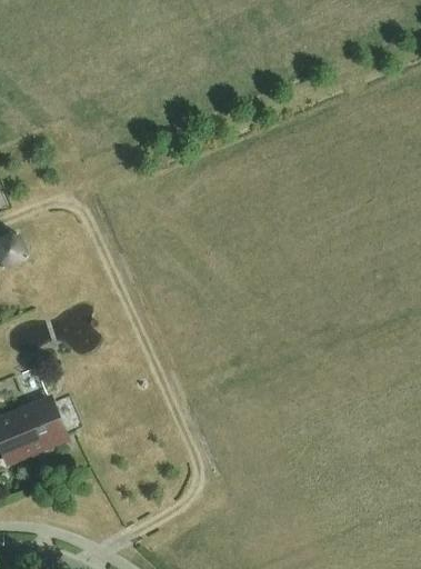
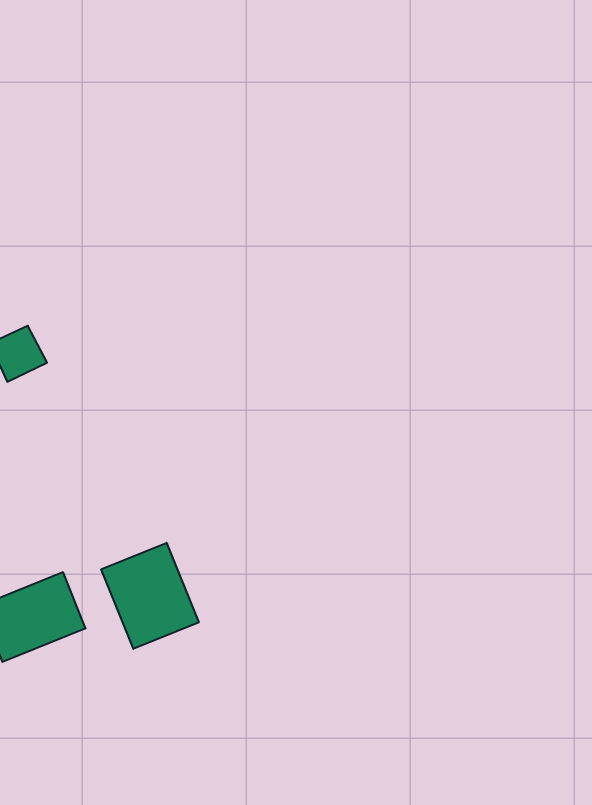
building: none -> [101,543,199,649]

